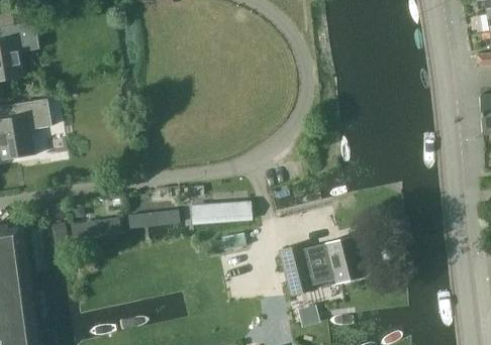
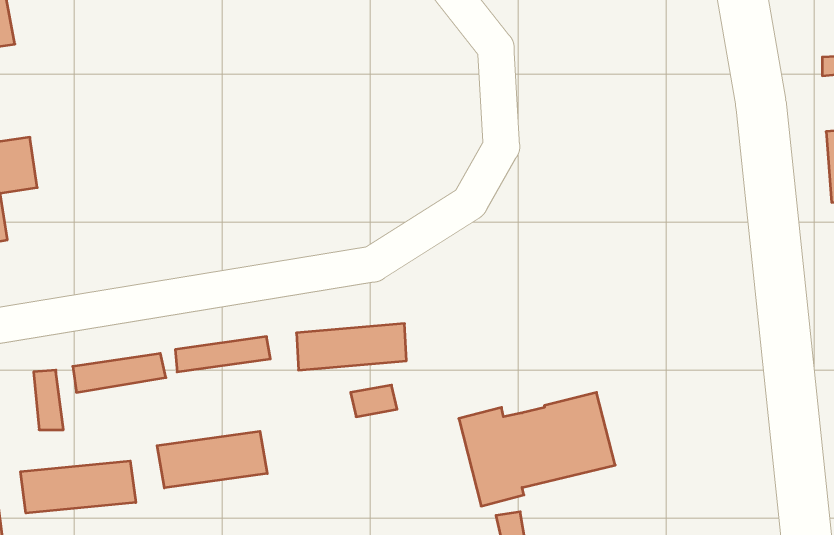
building: none -> [157,431,267,488]
building: none -> [21,461,136,513]

